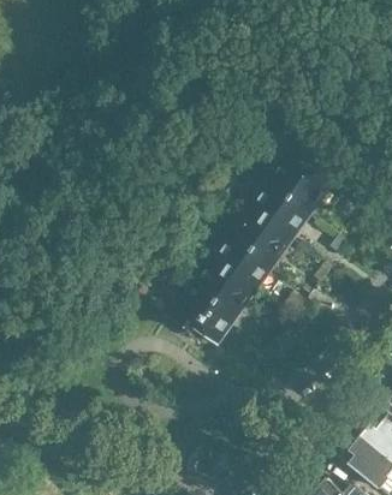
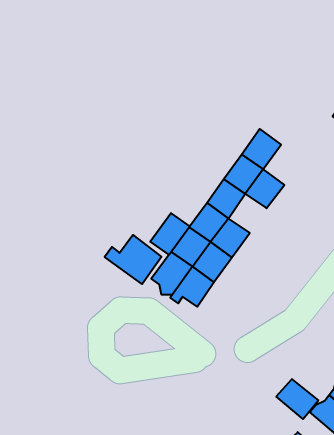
building: [289,169,331,213] -> none
building: [251,222,292,264] -> none
building: none -> [150,213,190,255]
building: none -> [105,235,161,284]
building: none -> [276,379,318,419]

